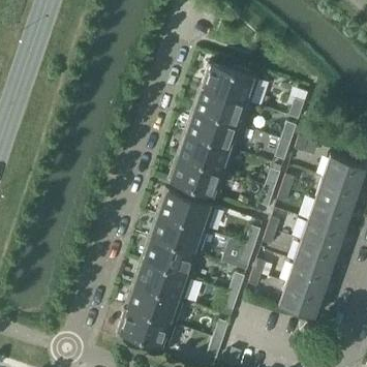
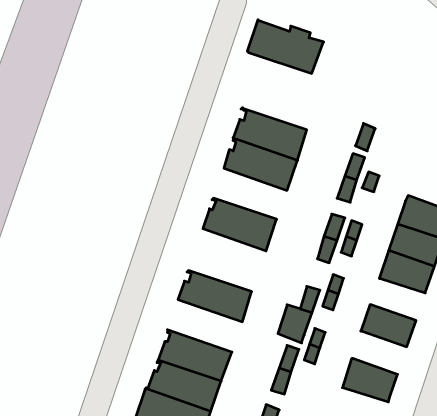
building: [200,62,259,104] -> [247,20,324,73]
building: [177,134,235,175] -> none
building: [157,190,215,232] -> none
building: [300,221,343,254] -> none
building: [141,238,200,279] -> none
building: [285,263,329,297] -> none

